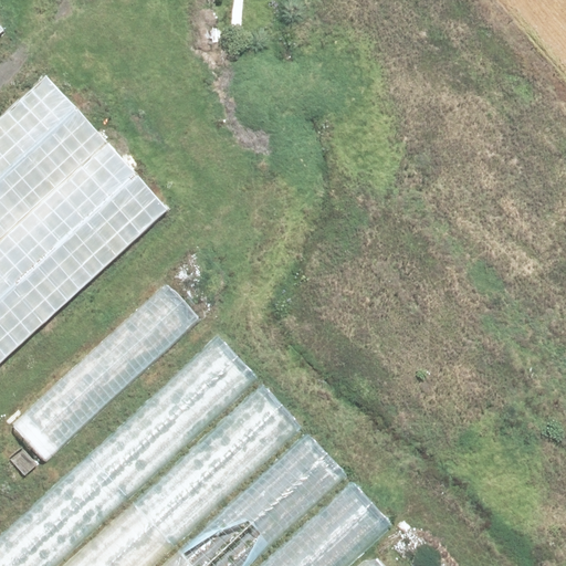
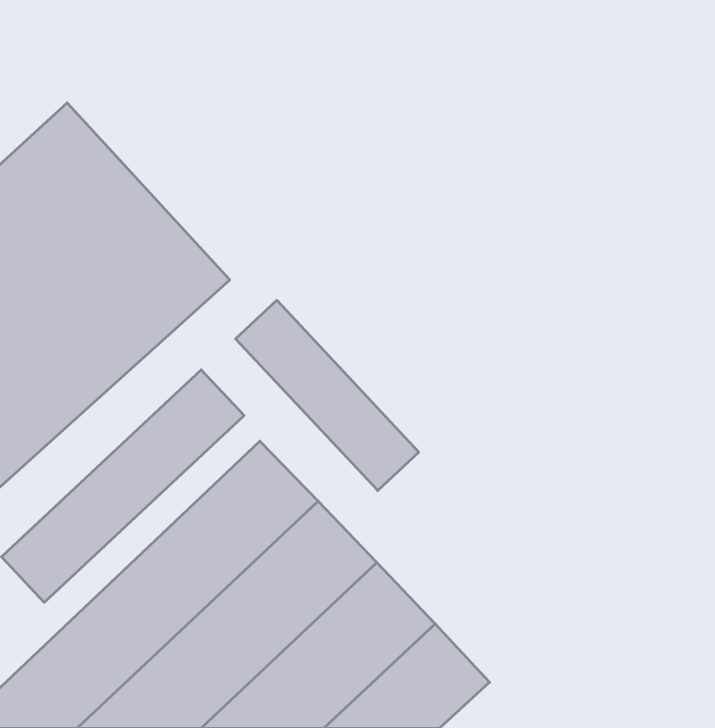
building: none -> [236,300,419,491]

